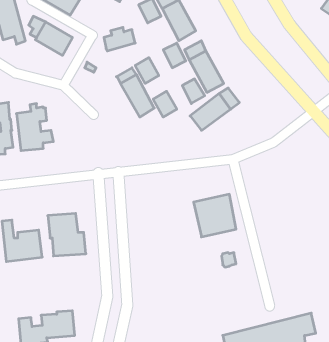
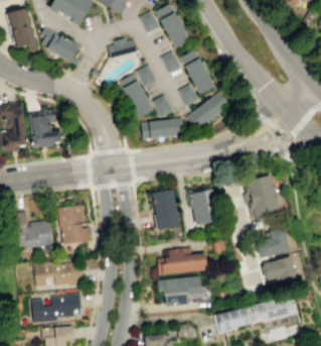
building: none -> [140,118,184,139]
building: none -> [243,175,280,218]
building: none -> [151,189,180,230]
building: none -> [254,227,290,259]
building: none -> [157,247,207,275]
building: none -> [261,256,297,285]
building: none -> [33,260,86,285]
building: none -> [157,276,201,306]

